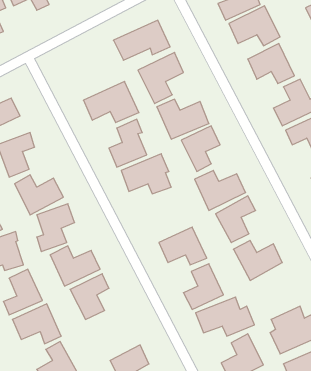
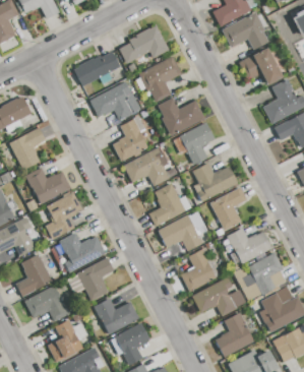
building: none -> [73,51,120,86]
building: none -> [149,183,185,226]
building: none -> [240,254,288,300]
building: none -> [95,299,139,334]

